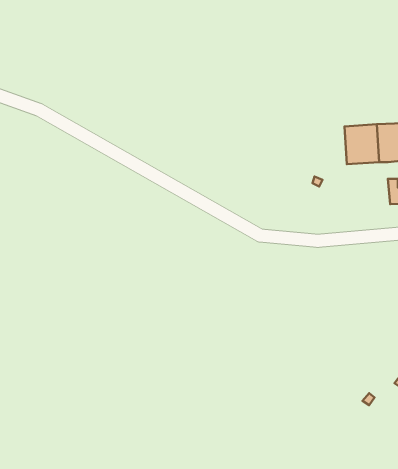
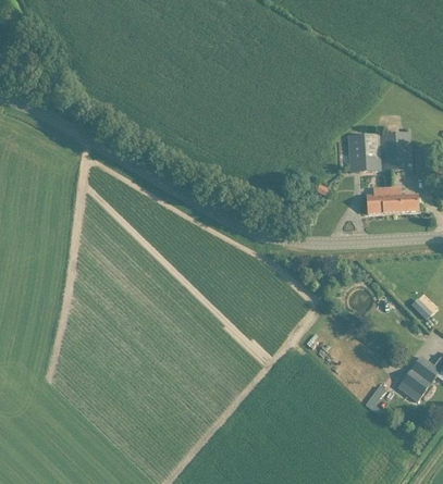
building: none -> [366,187,392,213]

